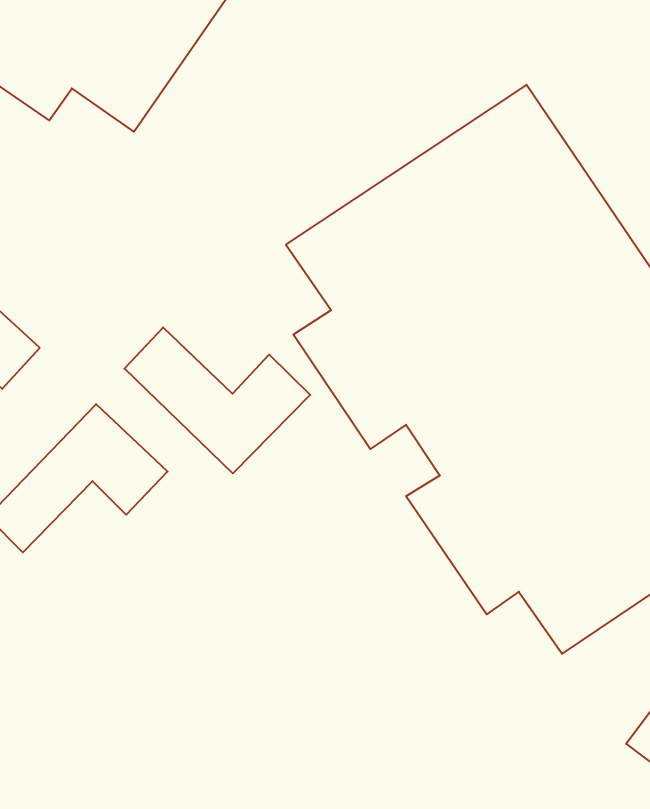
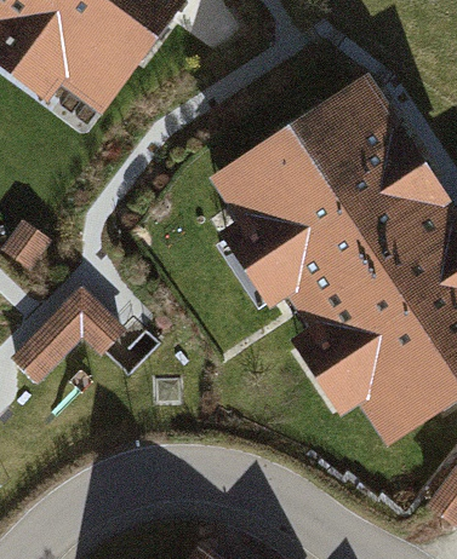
building: [124,327,310,473] -> none

